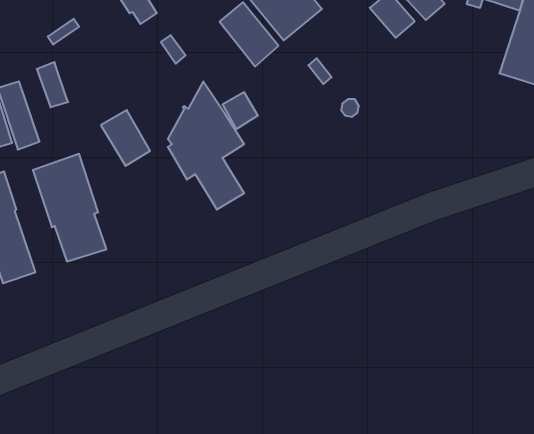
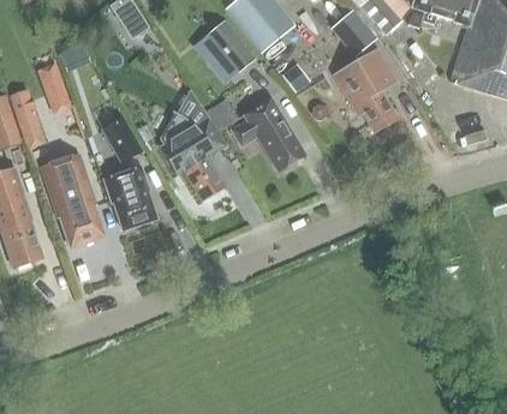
building: none -> [334,49,398,133]
building: none -> [231,97,304,170]
building: none -> [105,168,156,230]

